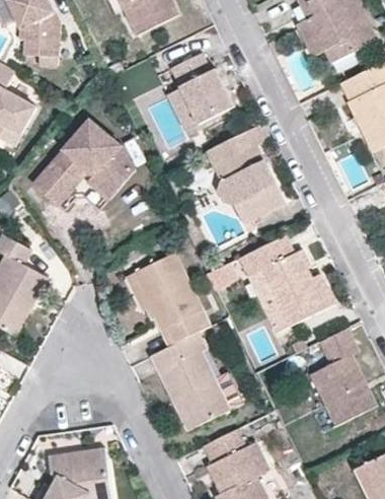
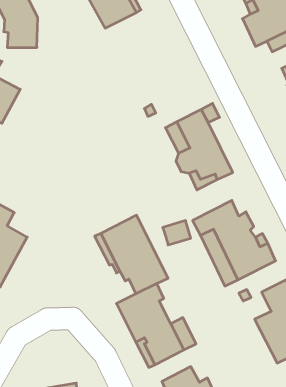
building: [169,52,233,125] -> none
building: [33,119,133,204] -> none

